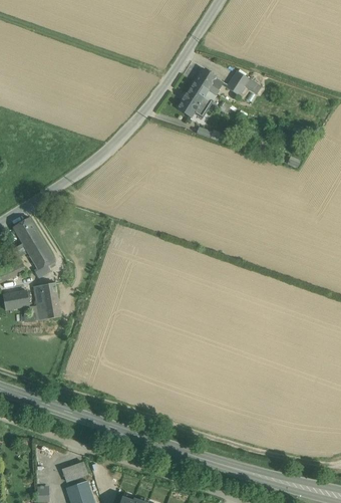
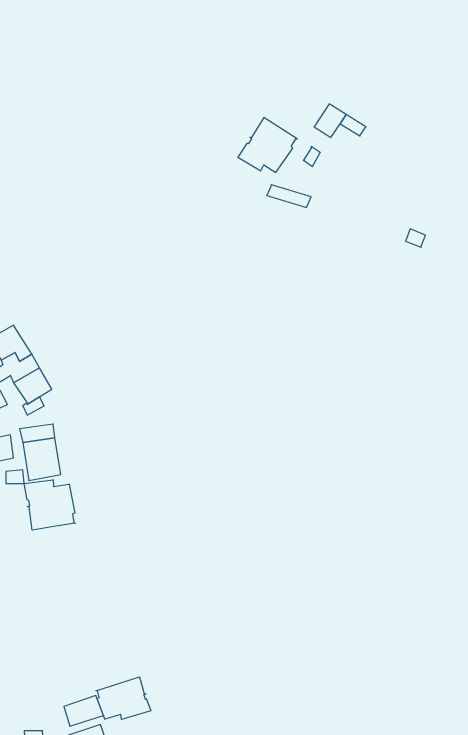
building: [194,67,223,94] -> none
building: none -> [24,480,75,530]
building: none -> [96,677,151,719]

